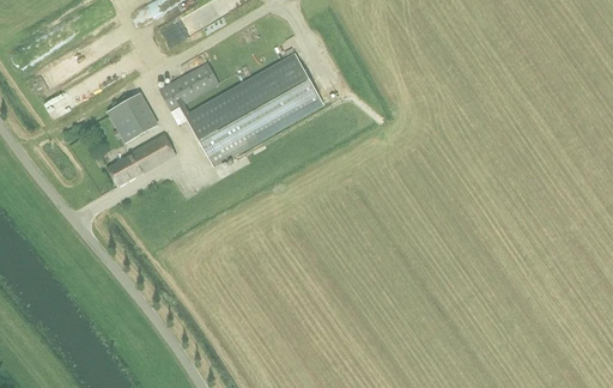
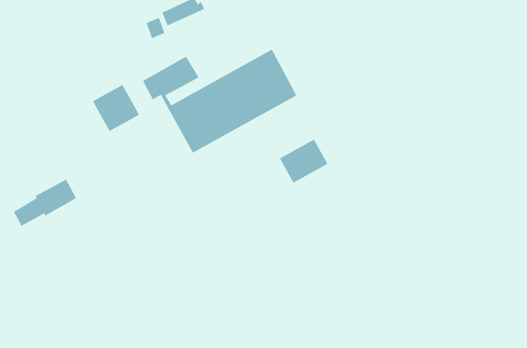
building: [111,132,178,182] -> [13,179,77,227]
building: none -> [279,139,328,183]

